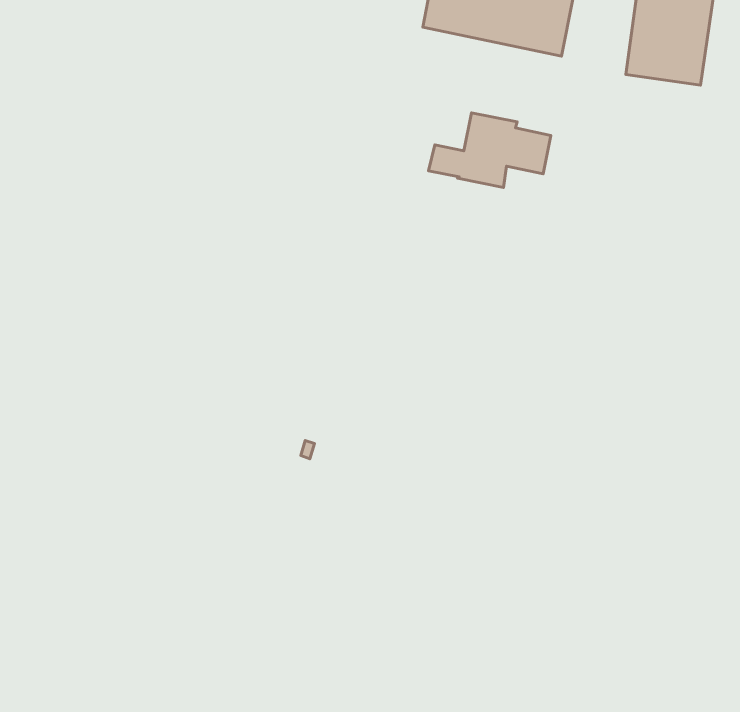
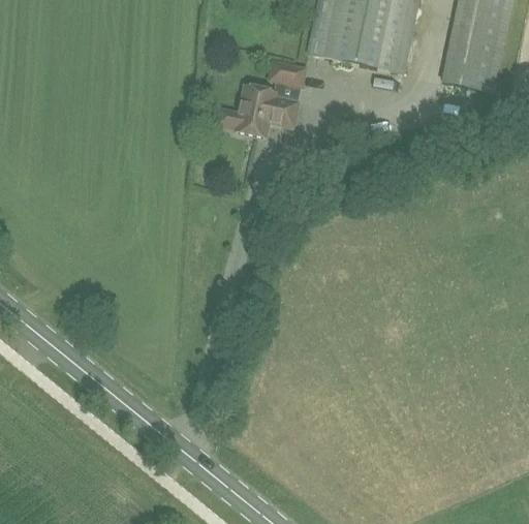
building: none -> [268,58,308,86]
building: [429,113,551,187] -> [216,84,299,134]

